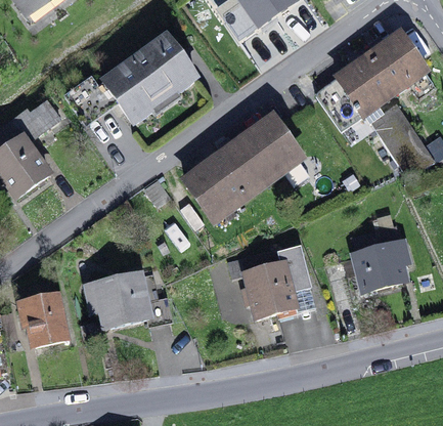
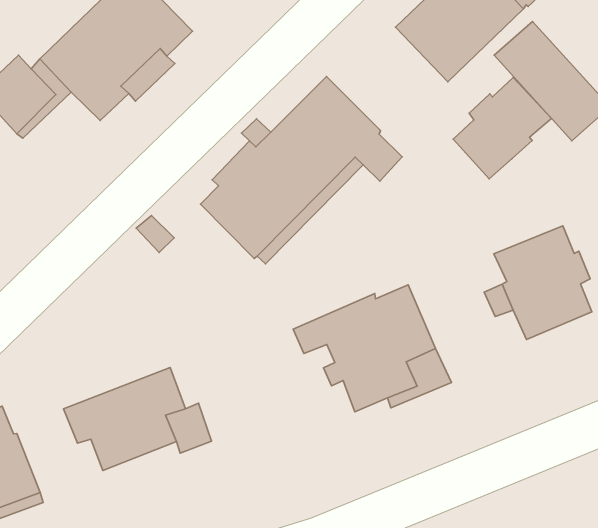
building: none -> [453,78,552,179]

